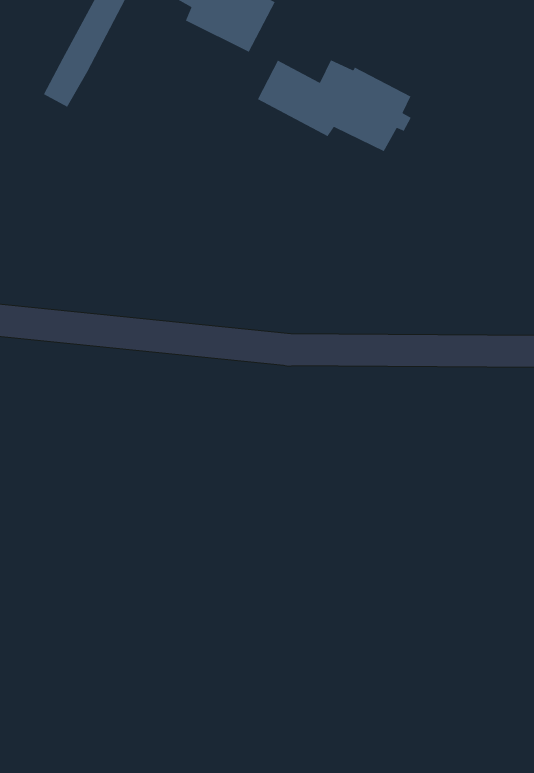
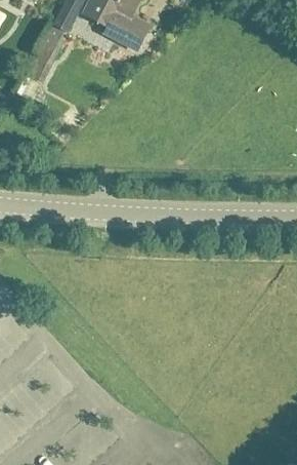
building: [257,59,412,152] -> none

